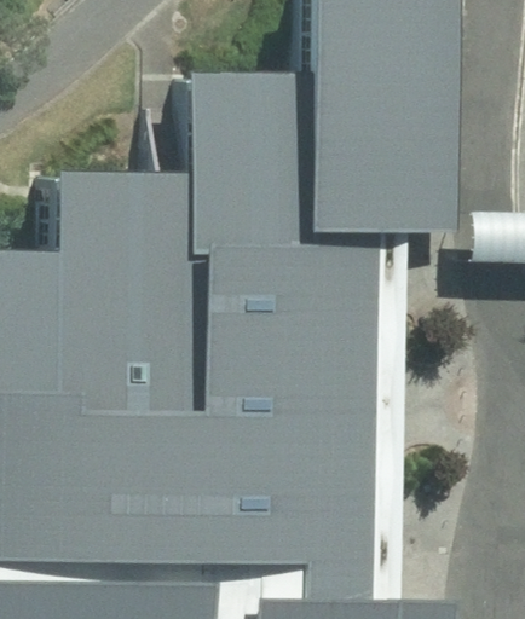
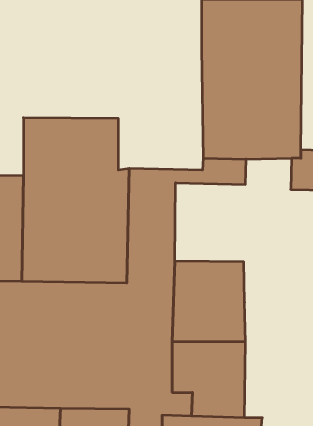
building: [203,71,327,244] -> none
building: [285,262,387,376] -> none

